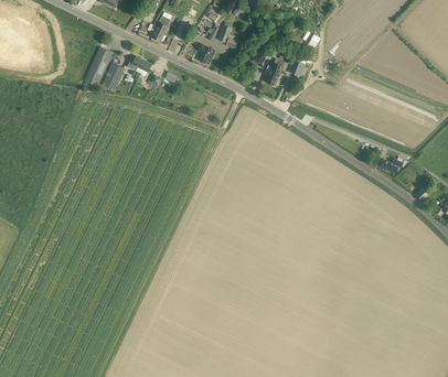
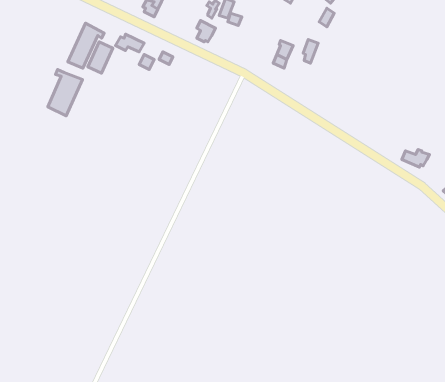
building: none -> [48,70,83,116]

